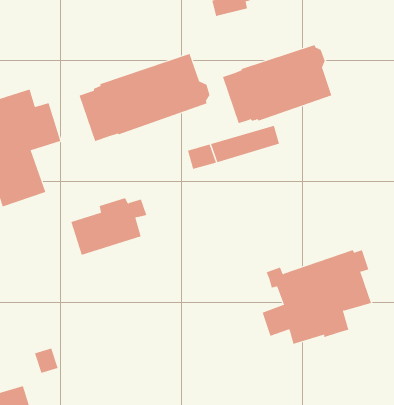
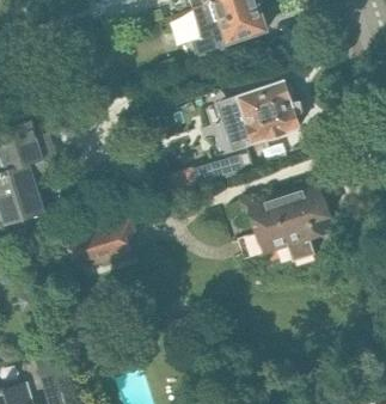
building: [79,53,210,142] -> none
building: [262,249,372,345] -> [235,183,333,268]

